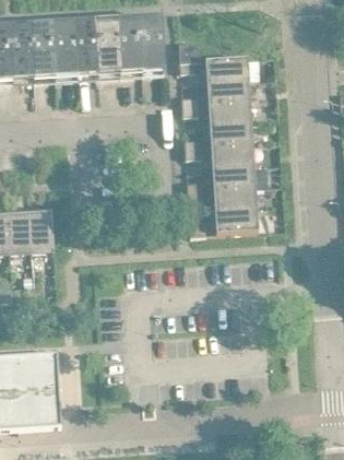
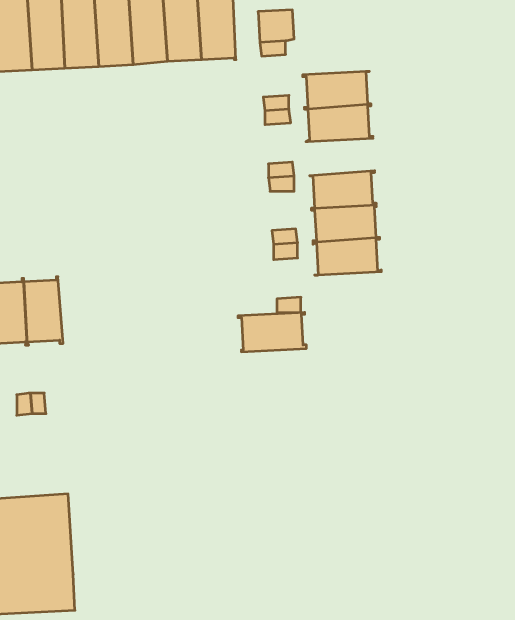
building: [204,57,248,82] -> none
building: [209,122,251,146] -> none
building: [213,208,257,233] -> [238,312,306,352]

